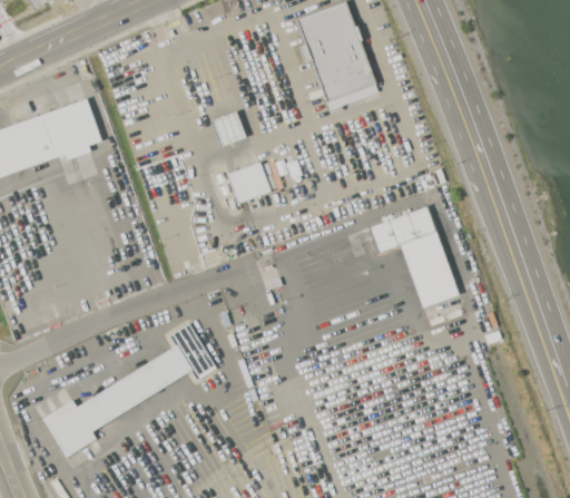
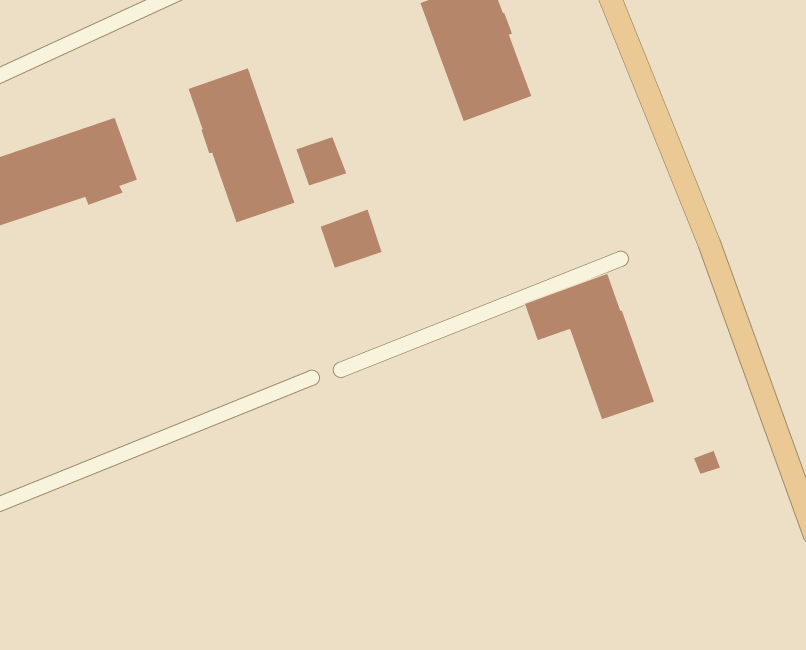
building: none -> [188,68,295,223]
building: [43,323,218,458] -> none

